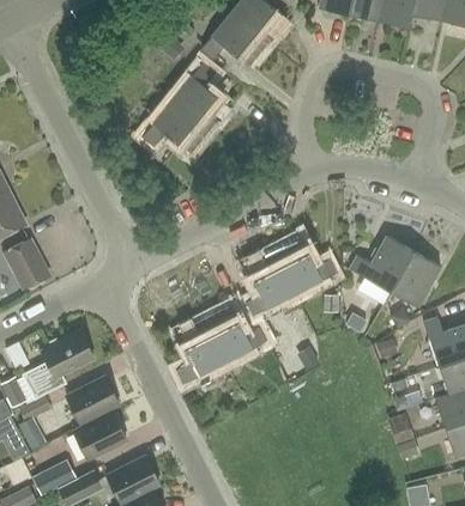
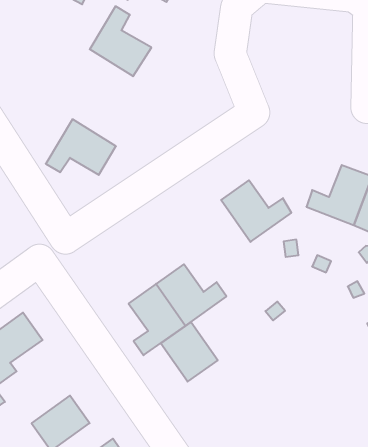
building: [143,99,209,153] -> [46,119,116,175]
building: [246,252,295,316] -> none
building: none -> [161,322,218,382]
building: [66,377,119,423] -> none

